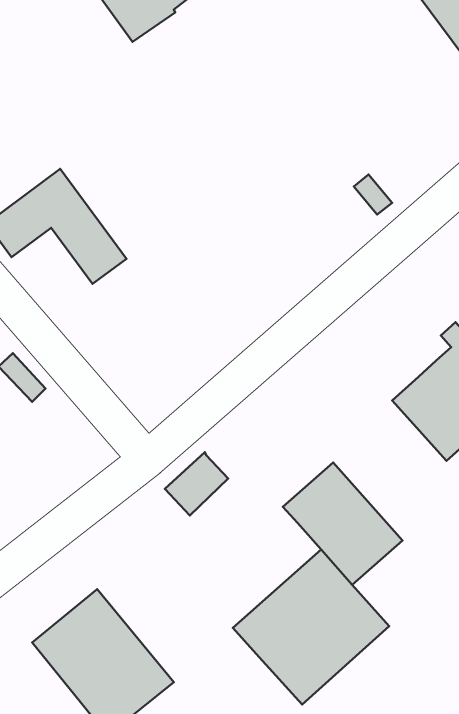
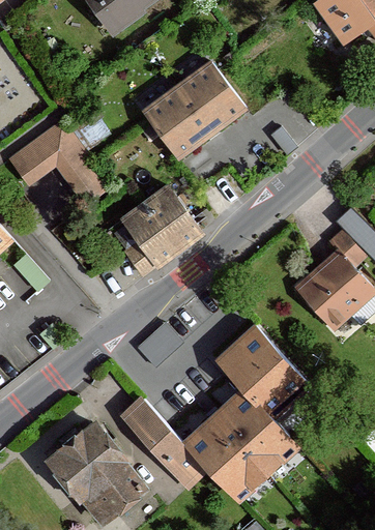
building: none -> [142,64,237,155]
building: none -> [125,187,202,275]
building: none -> [119,394,202,483]

